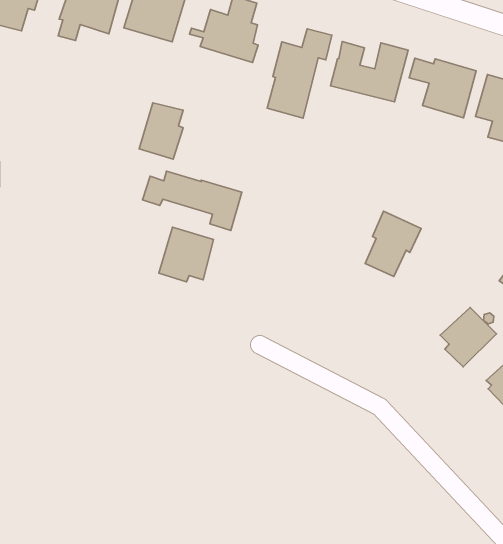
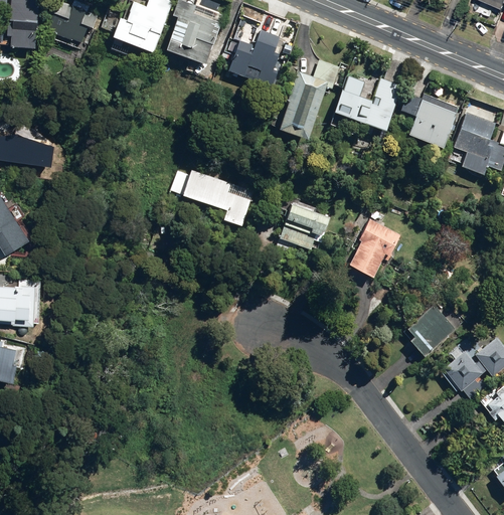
building: [139,103,183,159] -> none
building: none -> [275,203,329,254]
building: [159,227,213,282] -> none

